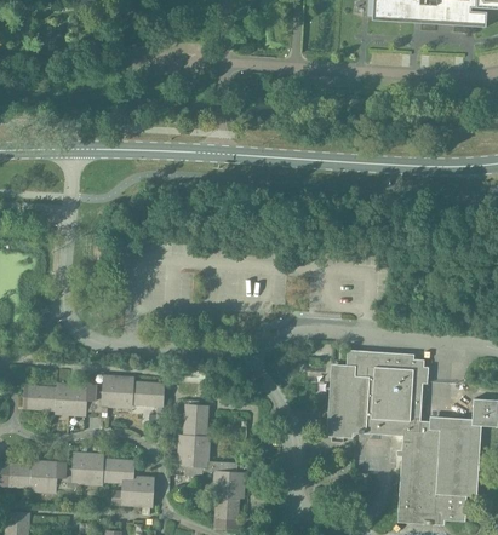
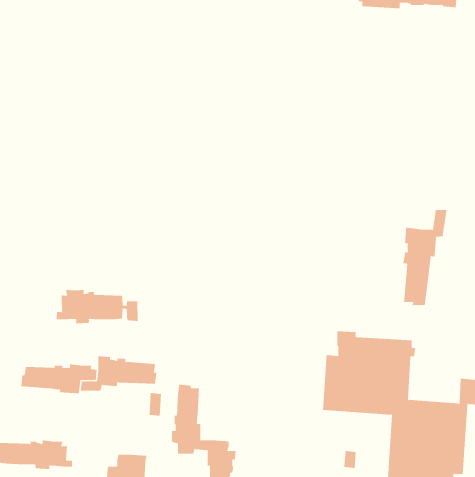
building: none -> [403,209,447,306]
building: none -> [56,289,138,324]
building: [71,453,133,483] -> none

